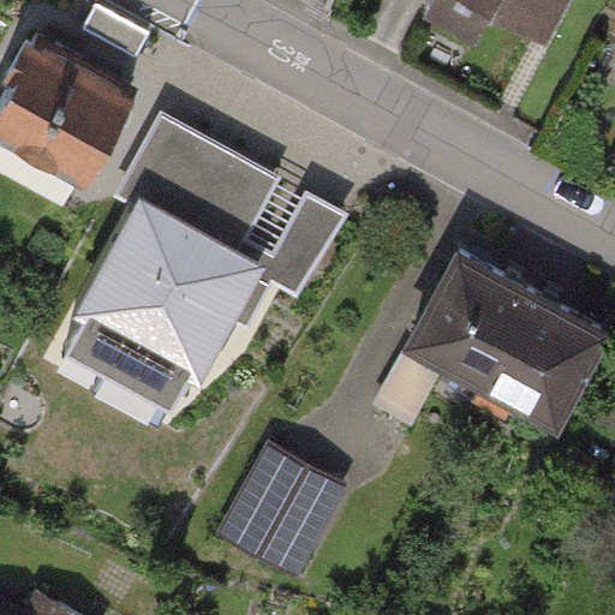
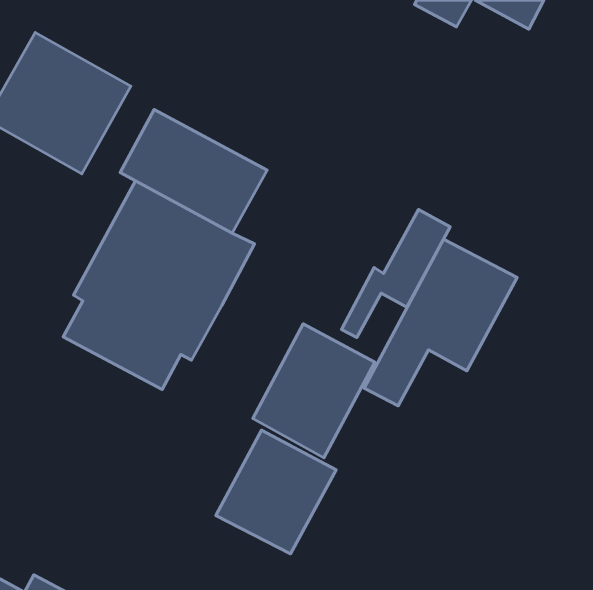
building: [228,197,340,329] -> [342,209,450,338]
building: [480,292,605,428] -> none
building: none -> [253,324,375,458]

